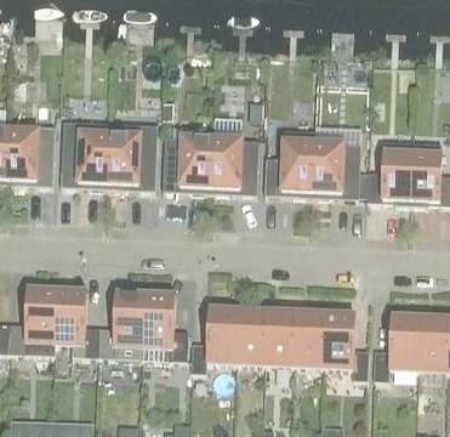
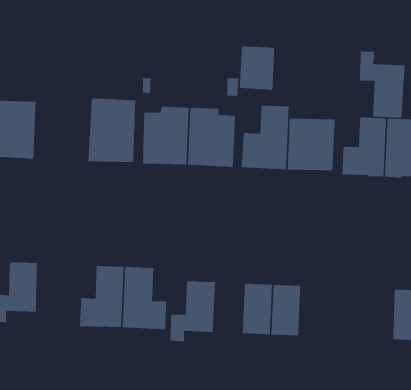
building: none -> [239,45,275,90]
building: none -> [359,51,405,118]
building: [61,120,110,187] -> none
building: [55,290,99,356] -> none
building: [235,310,267,363] -> none
building: [323,313,368,379] -> none
building: [374,316,420,379] -> none

